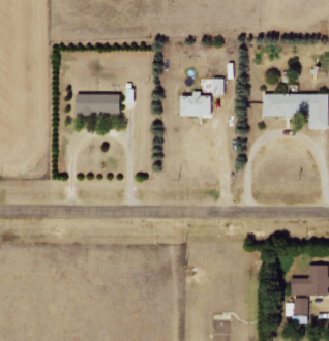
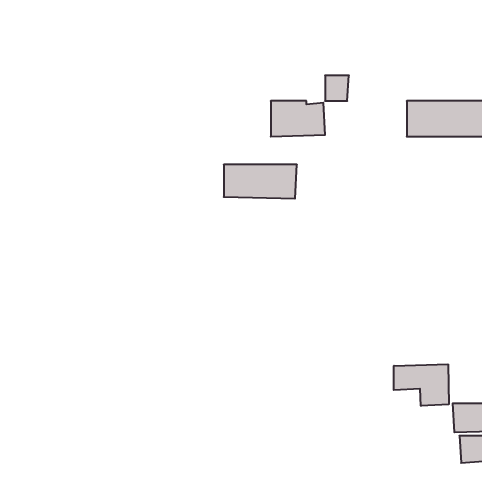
building: [73,94,118,115] -> [224,165,297,199]
building: none -> [394,364,449,406]

